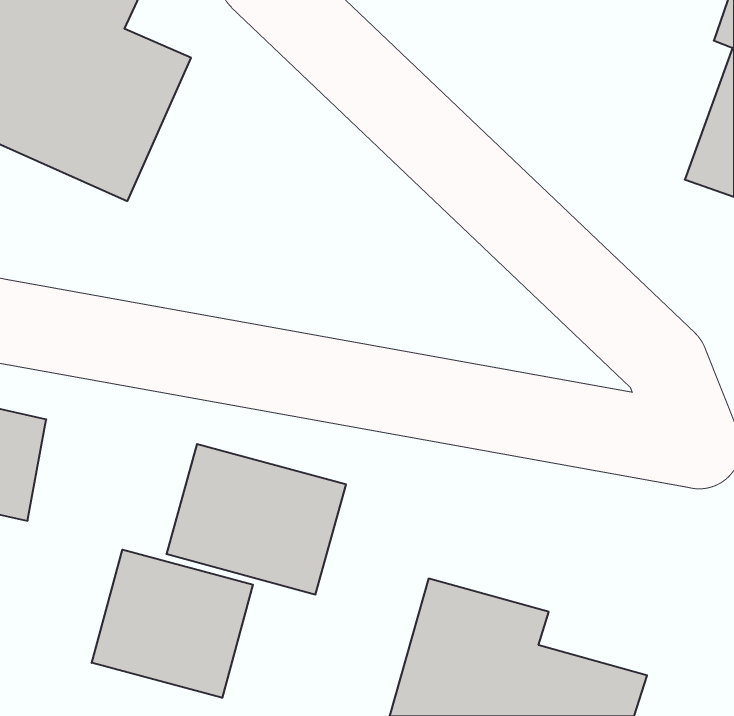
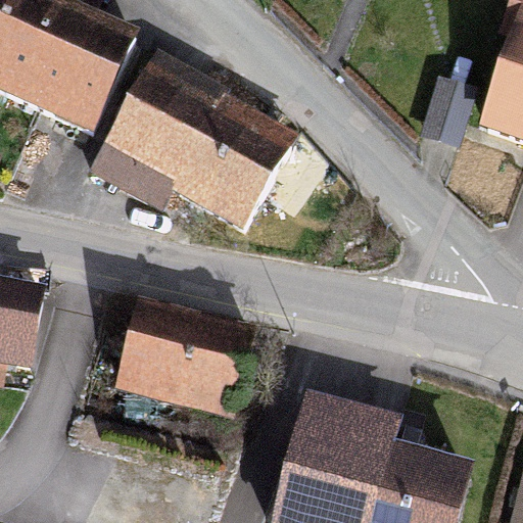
building: none -> [104,61,290,225]
building: [92,550,253,698] -> none

